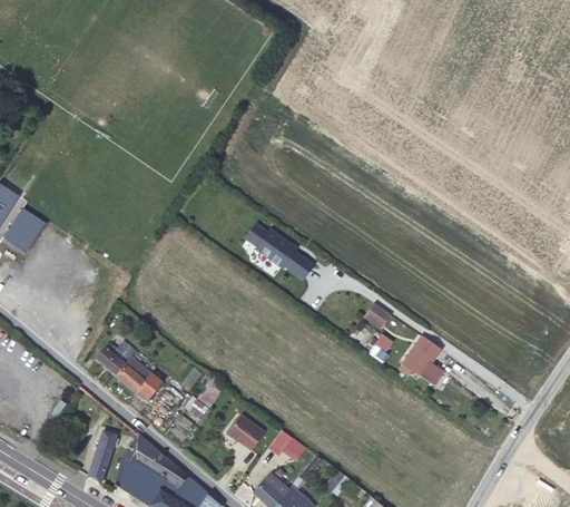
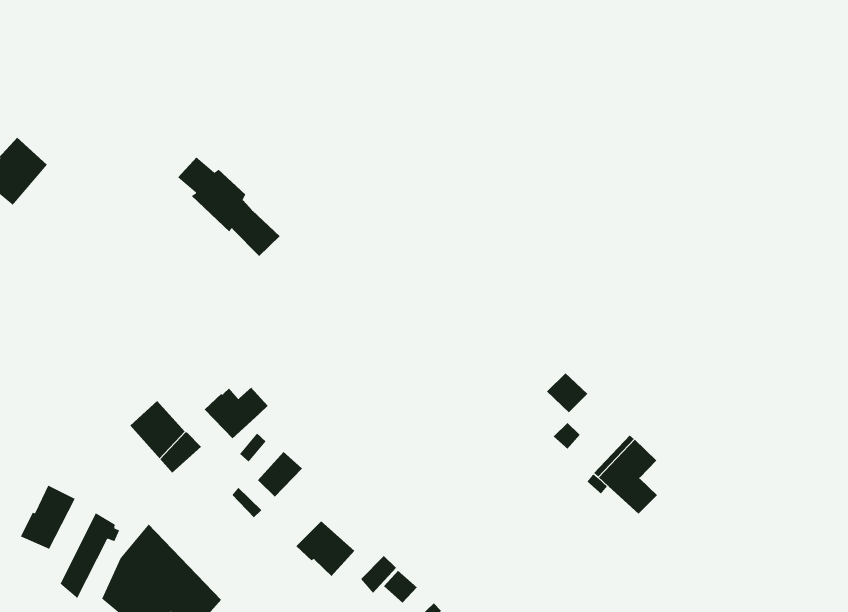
building: [246,227,314,283] -> [177,156,280,257]
building: [96,341,135,374] -> [204,387,269,439]
building: none -> [20,484,76,550]

